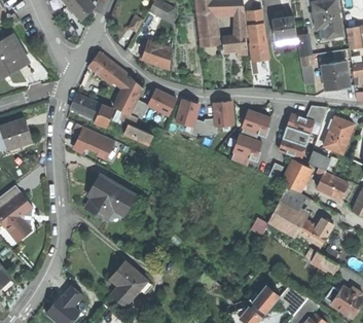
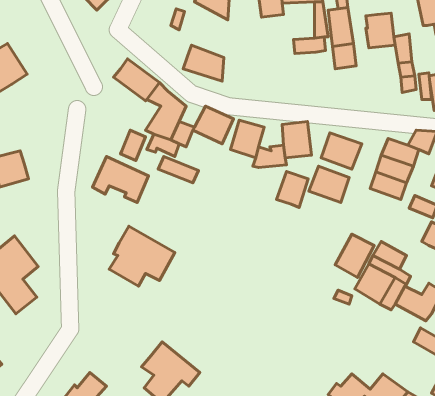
building: [198,20,218,45] -> none
building: [70,94,102,120] -> none
building: none -> [277,171,308,208]
building: [281,159,310,191] -> [335,234,374,277]

